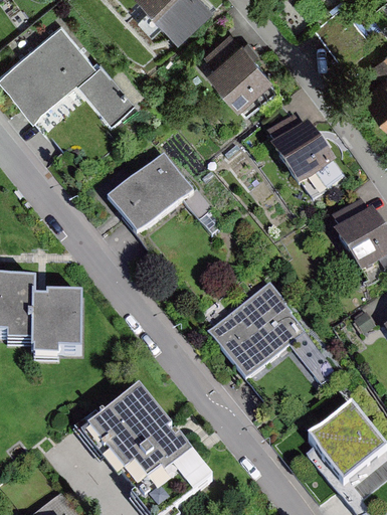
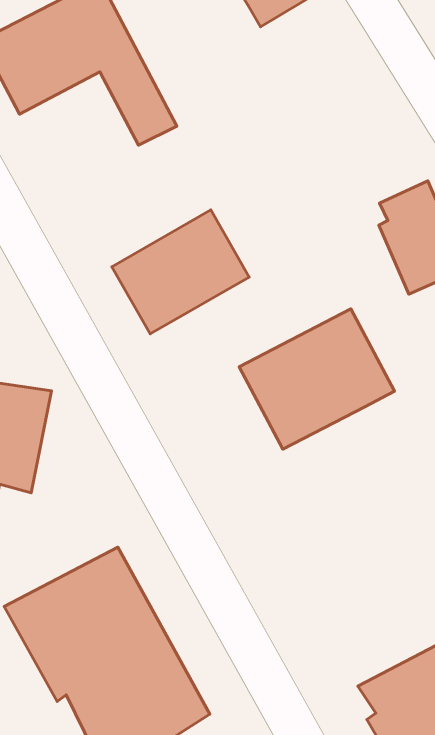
building: [203,28,276,109] -> none
building: [208,285,309,380] -> [239,309,395,449]

